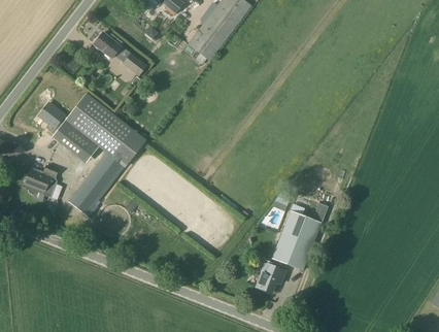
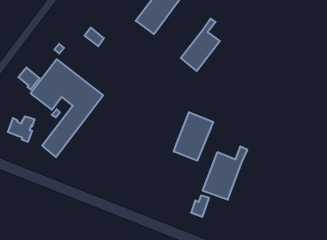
building: [93,32,122,59] -> none
building: none -> [181,19,220,71]
building: none -> [174,112,213,161]

